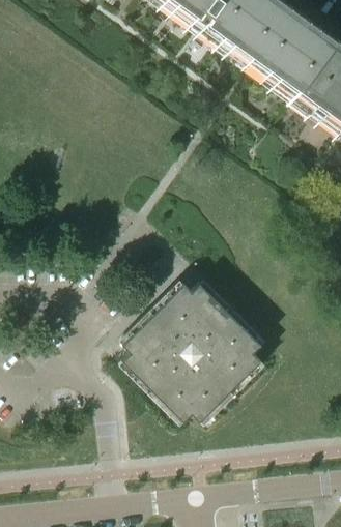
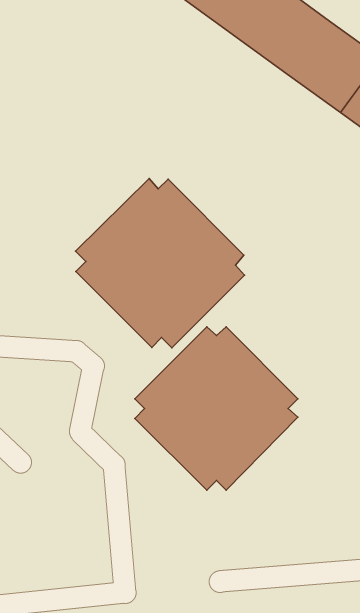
building: none -> [75,179,244,348]

